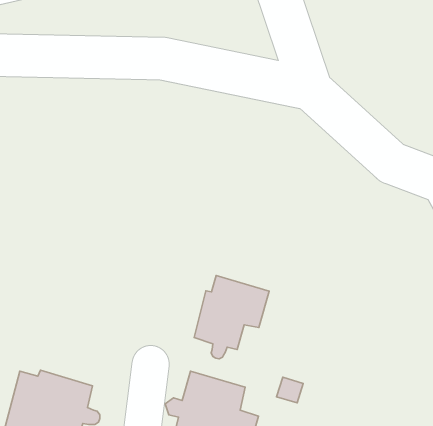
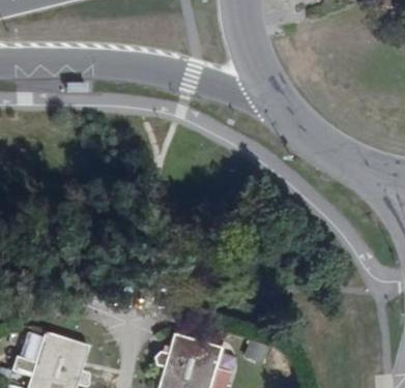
building: [194,276,269,359] -> none

